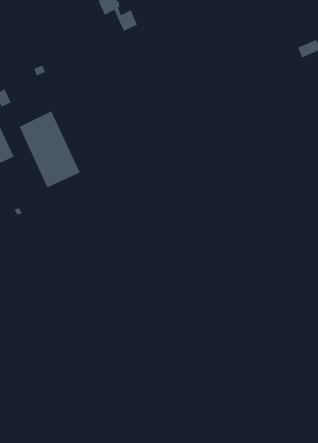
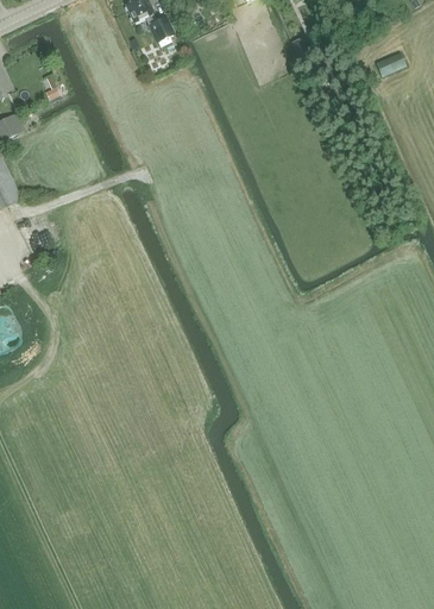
building: [19,111,81,188] -> none

